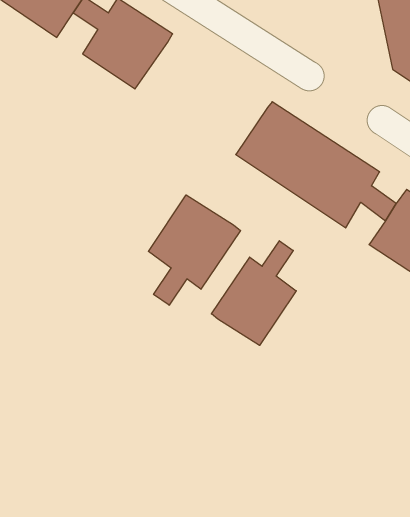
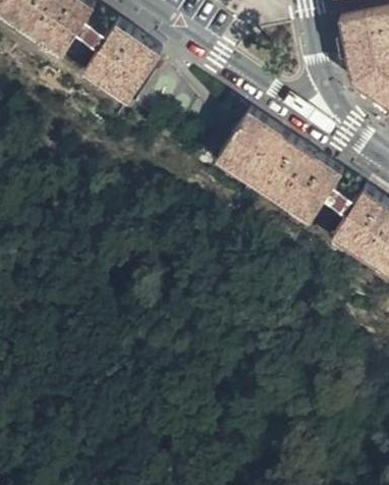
building: [148,195,241,305] -> none
building: [211,241,296,345] -> none

